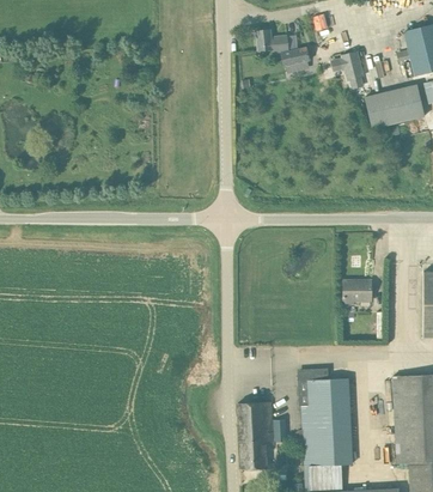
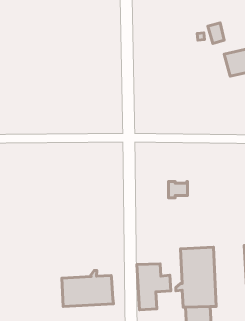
building: [256,29,310,66] -> none
building: [344,280,372,304] -> [169,181,188,198]
building: none -> [62,270,113,306]

